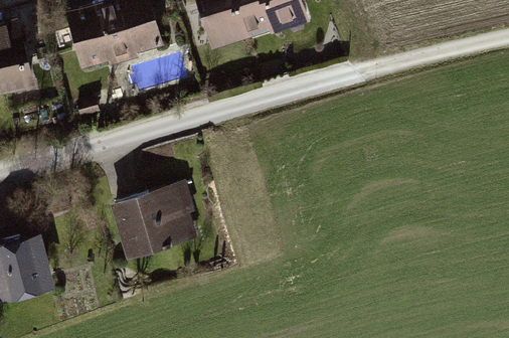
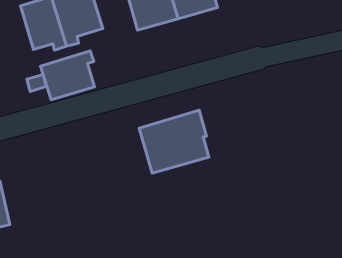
building: none -> [40,51,95,100]
building: [109,181,195,260] -> [139,110,209,173]

